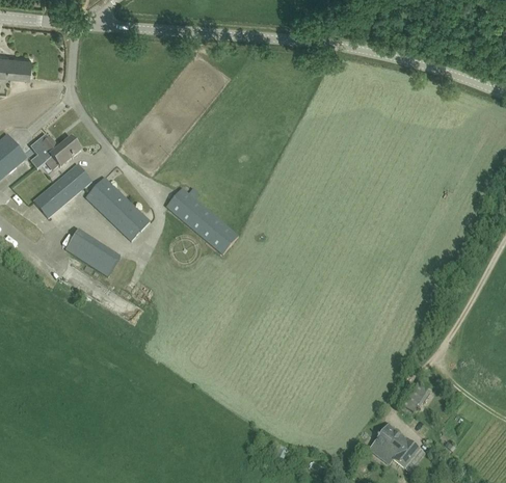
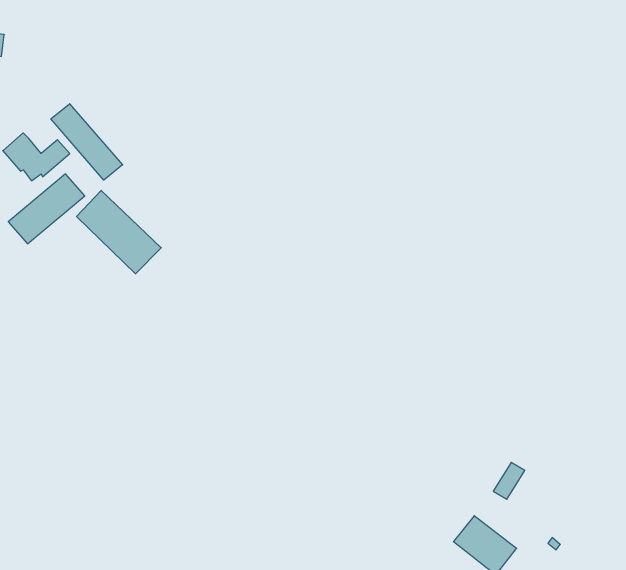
building: none -> [51,104,123,180]
building: [165,187,237,253] -> none
building: [64,230,121,275] -> none

